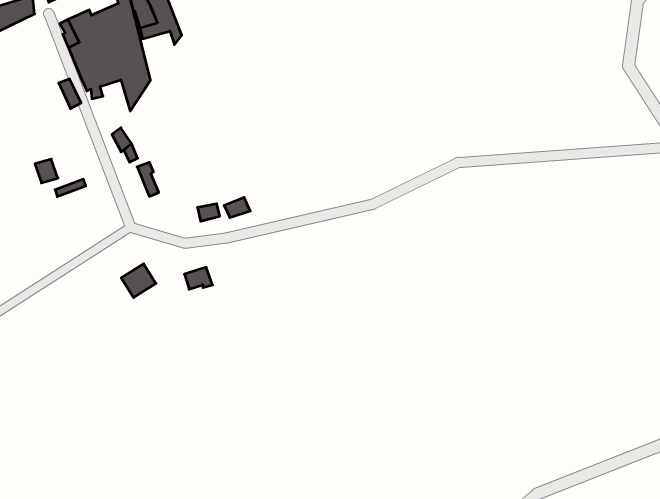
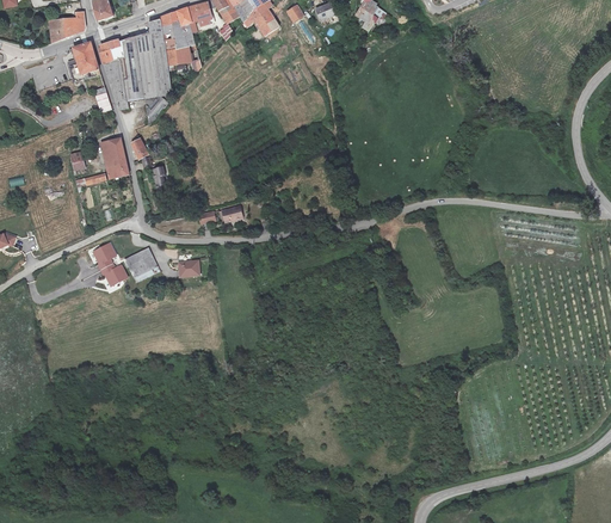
building: none -> [69,41,101,80]
building: none -> [100,139,128,179]
building: none -> [98,244,128,277]

